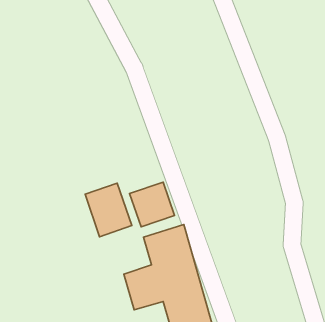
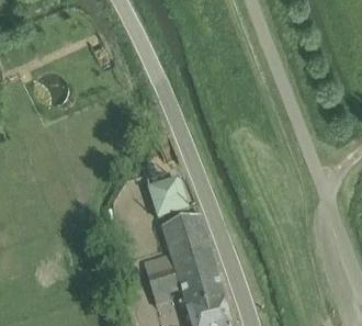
building: [85,183,132,237] -> none

